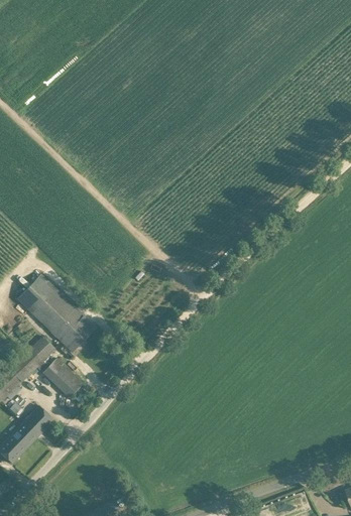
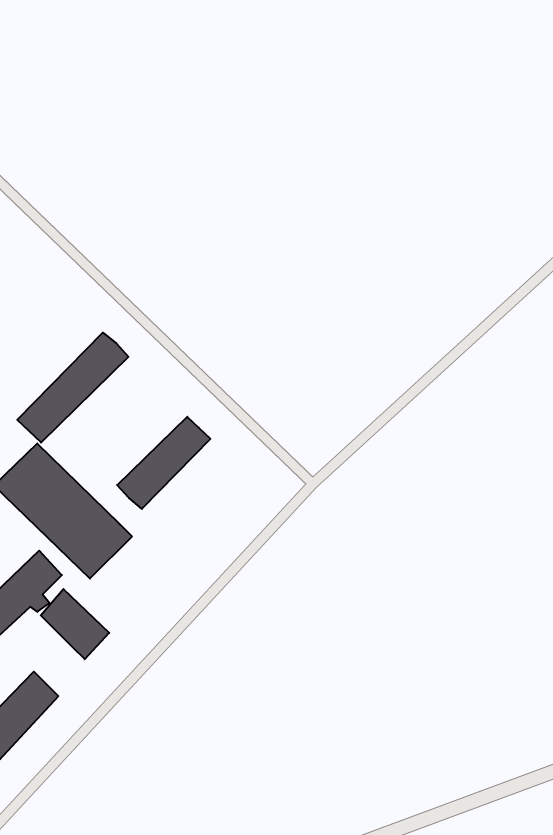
building: none -> [17,333,128,443]
building: none -> [117,417,210,509]

